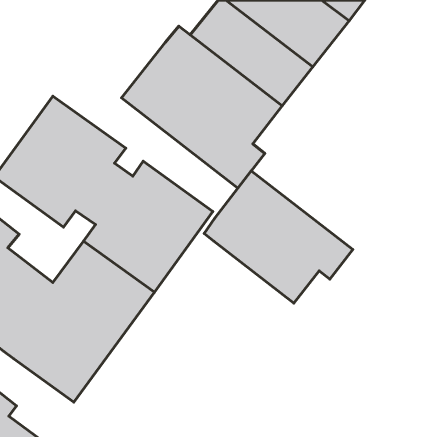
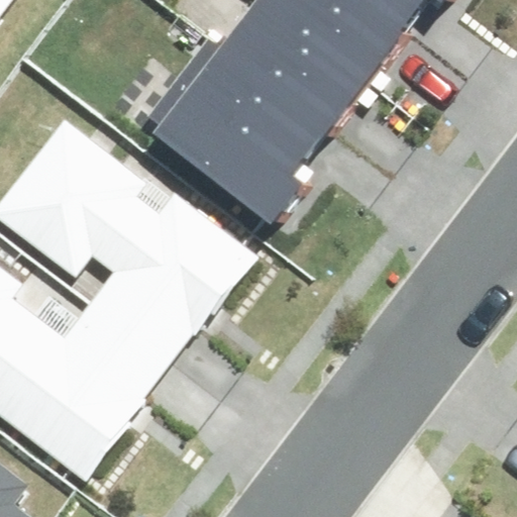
building: [204,171,353,303] -> none

